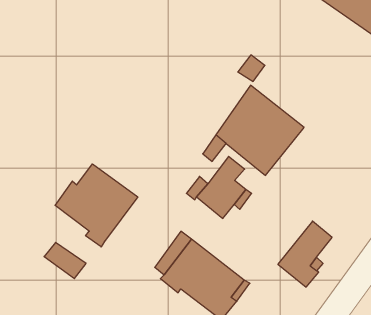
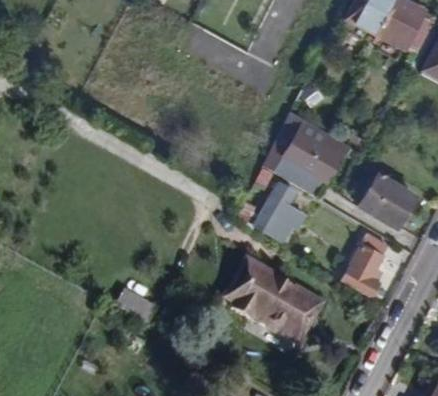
building: none -> [360,174,413,227]
building: [55,164,138,247] -> none

